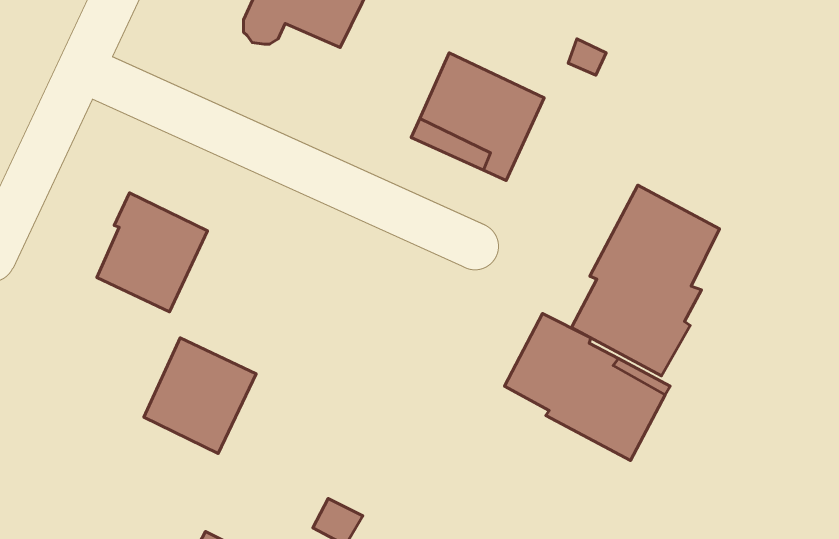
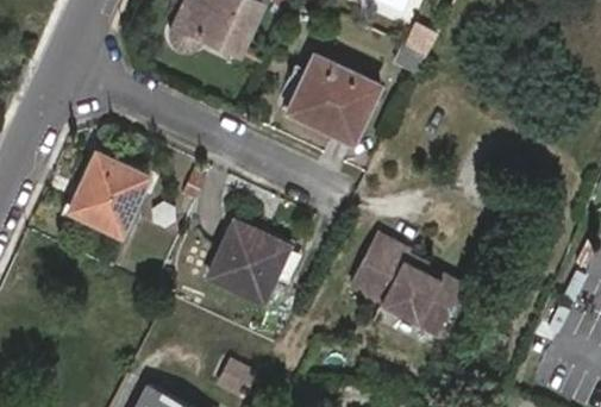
building: [572,185,719,376] -> none
building: [144,338,256,453] -> [208,220,286,300]

